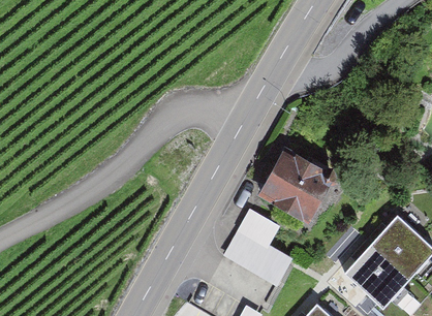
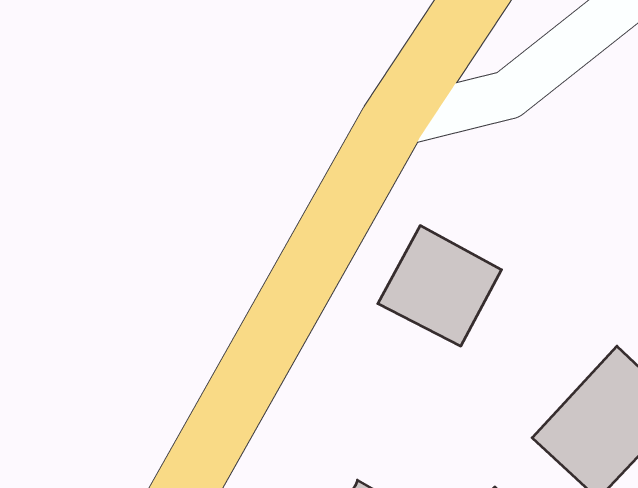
building: [222,208,289,284] -> none

